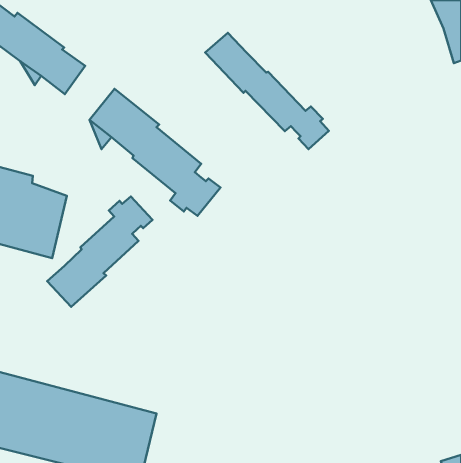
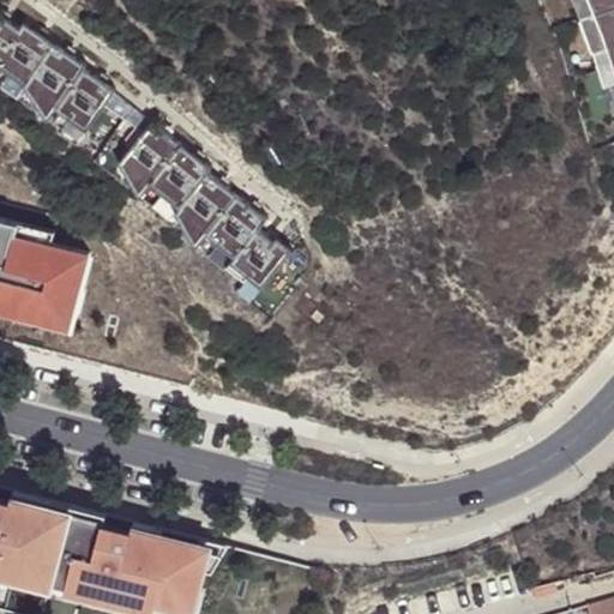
building: [205,33,329,149] -> none
building: [47,196,153,307] -> none

